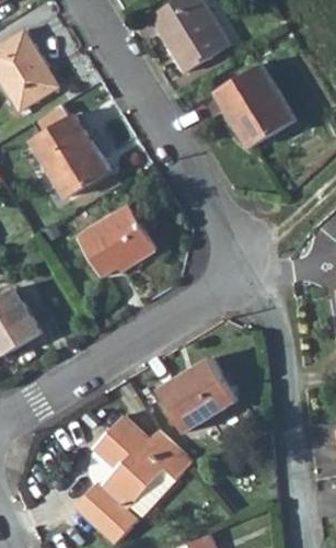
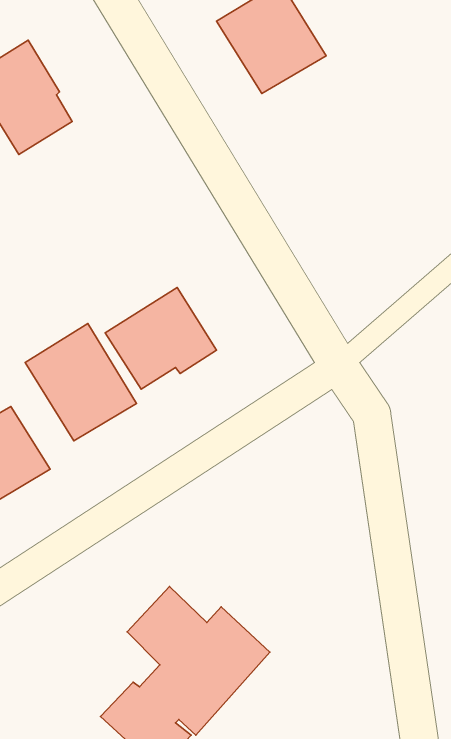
building: [218,66,297,148] -> none
building: [30,115,107,197] -> [25,323,136,441]
building: [160,356,239,431] -> none

